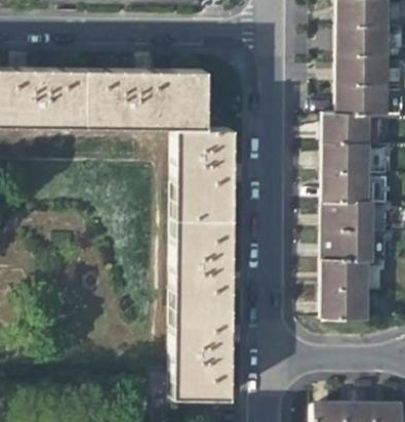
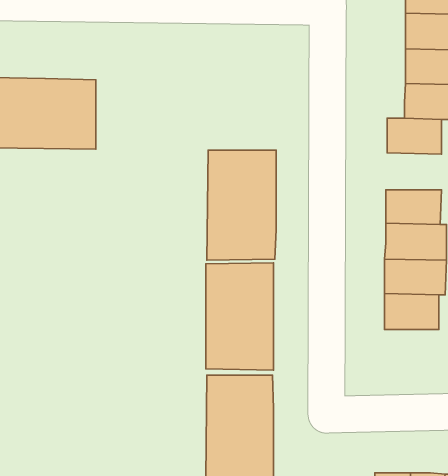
building: [86,73,207,131] -> none
building: [324,133,370,164] -> none
building: [322,280,368,308] -> none

